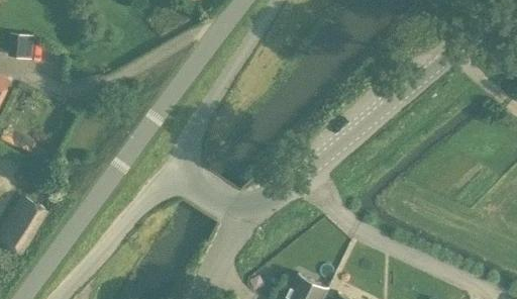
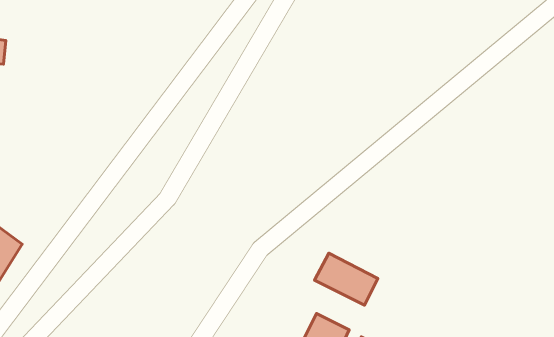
building: none -> [314,253,378,305]

